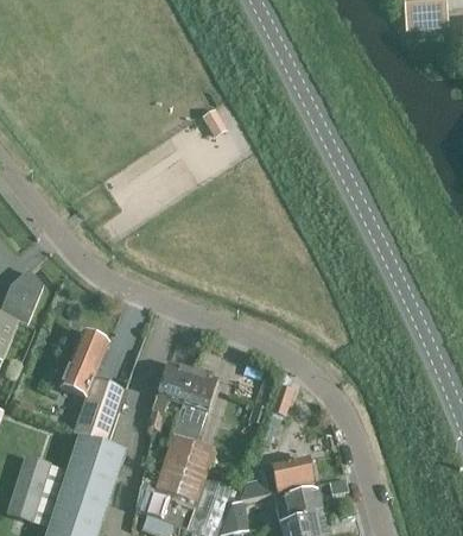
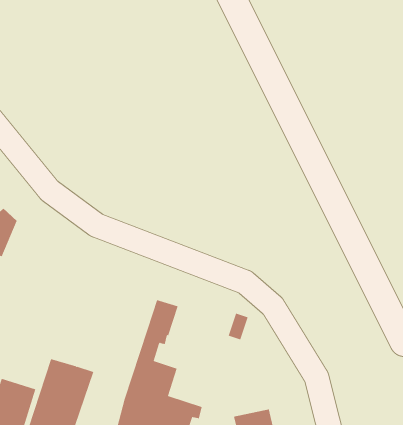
building: [61,330,125,442] -> none
building: [151,361,194,412] -> none
building: [243,456,312,499] -> none

